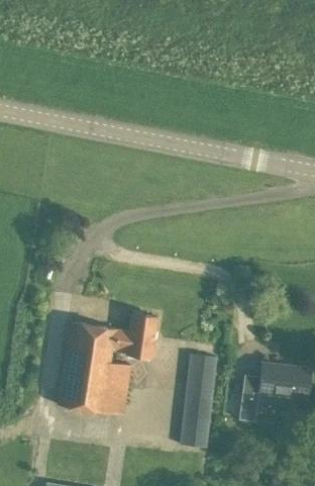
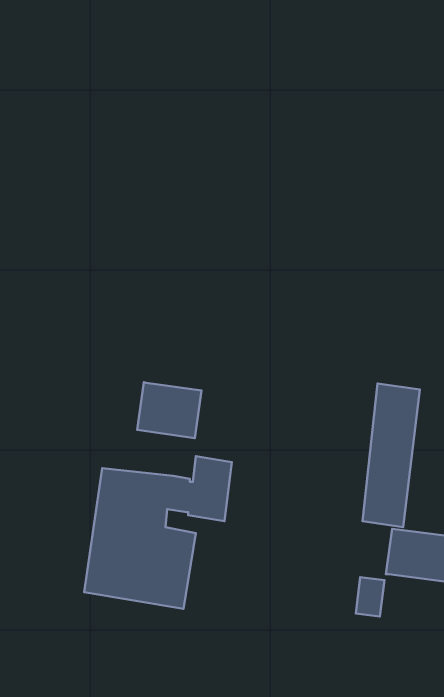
building: none -> [137,382,202,438]
building: [180,353,218,449] -> [362,384,420,527]

